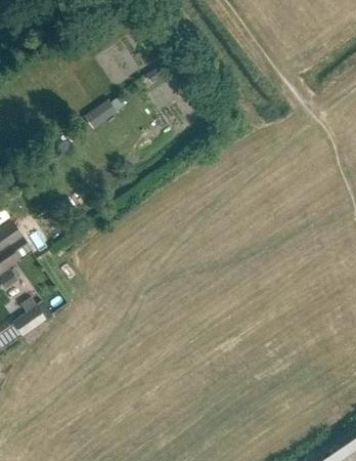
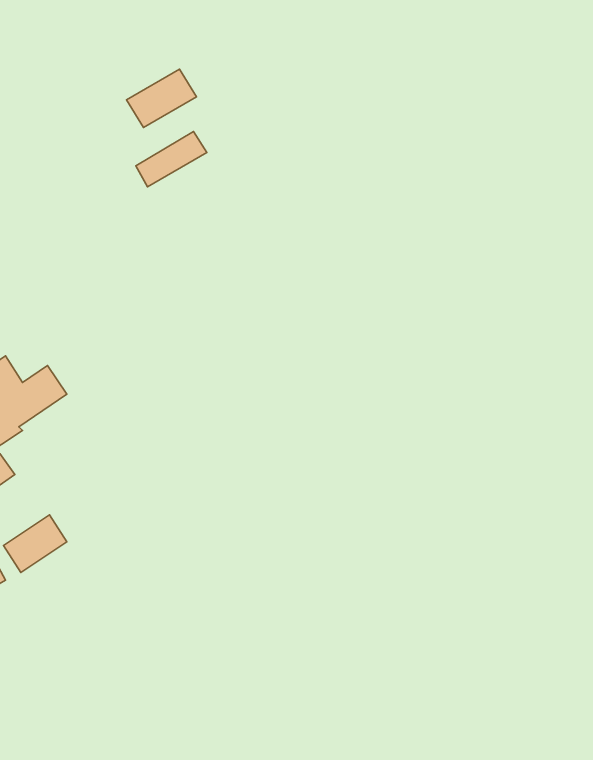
building: none -> [127,69,196,128]

